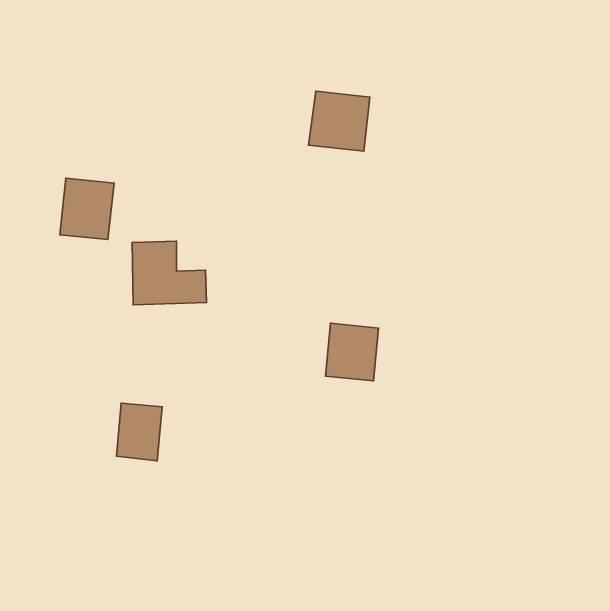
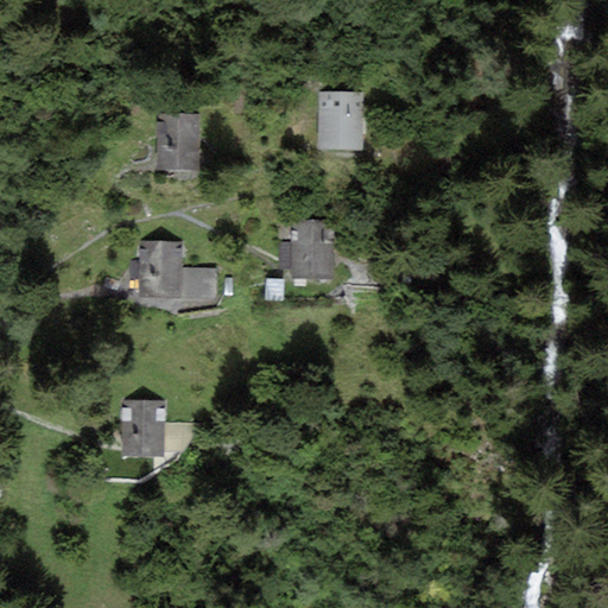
building: [60,178,114,239] -> [154,114,208,175]
building: [326,323,378,381] -> [290,223,342,280]

